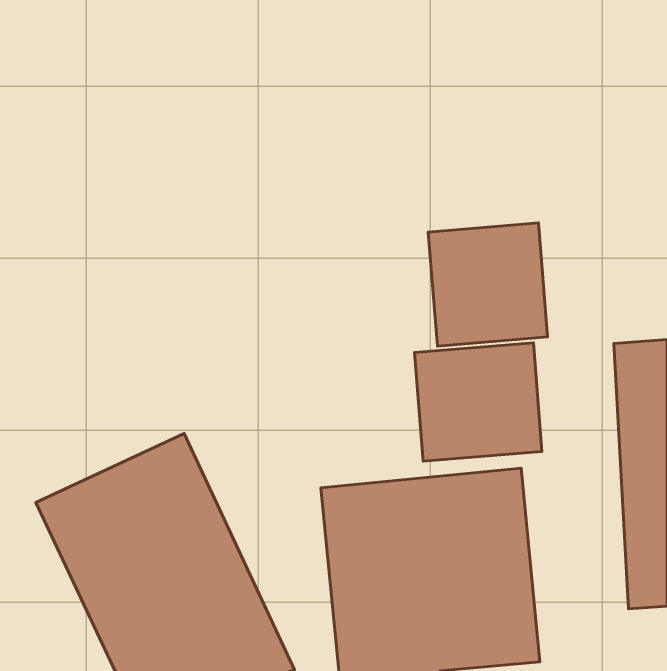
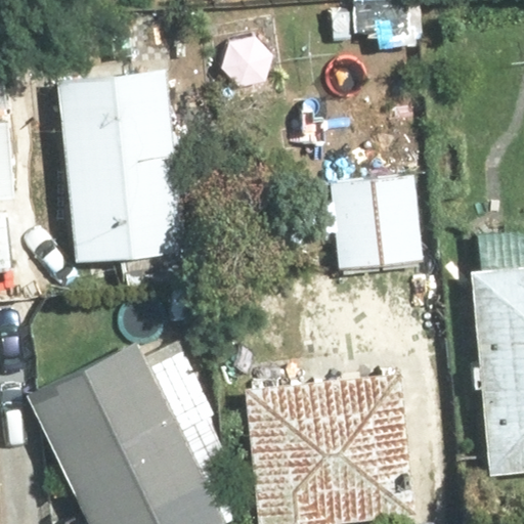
building: none -> [57,70,184,266]
building: [415,343,542,461] -> none

